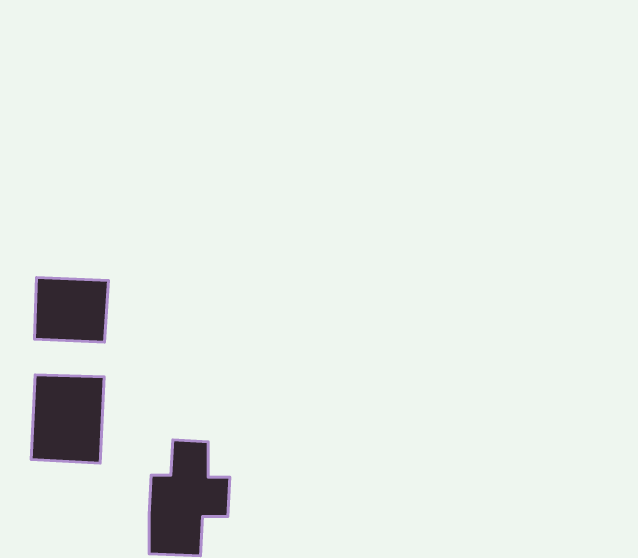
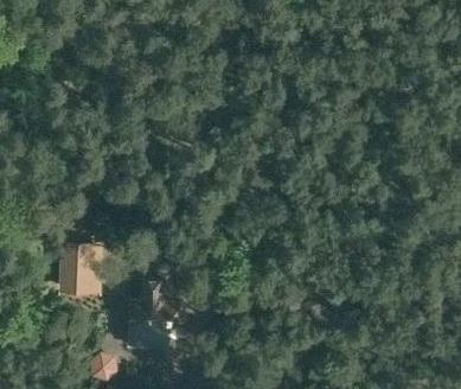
building: [34,277,108,342] -> none

